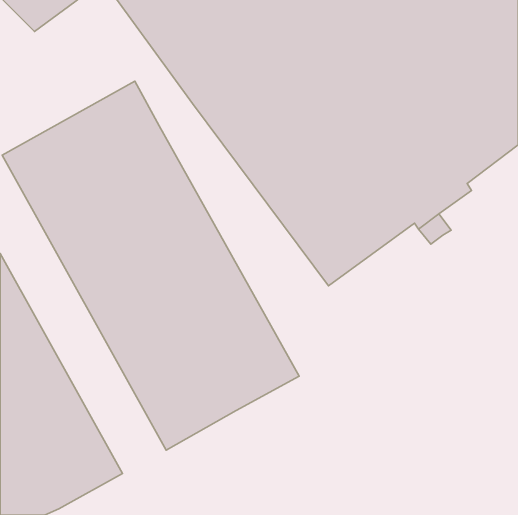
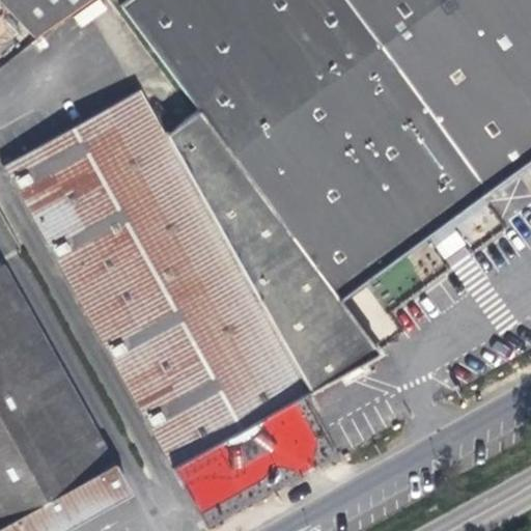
building: none -> [163,106,375,385]

